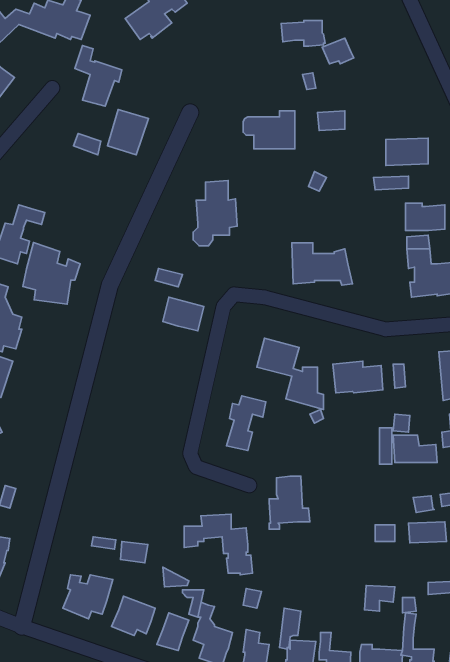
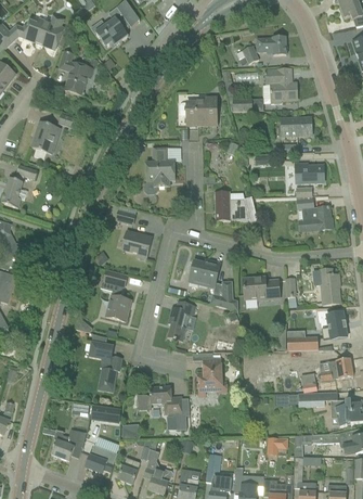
building: [281,21,325,46] -> [257,37,288,55]
building: none -> [265,68,298,103]
building: [108,109,148,155] -> [33,121,62,154]
building: [23,242,80,304] -> none
building: none -> [103,269,131,321]
building: none -> [89,341,122,392]

